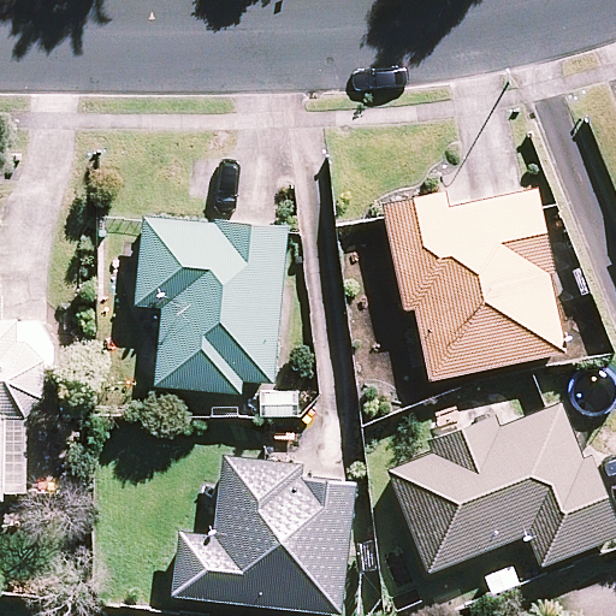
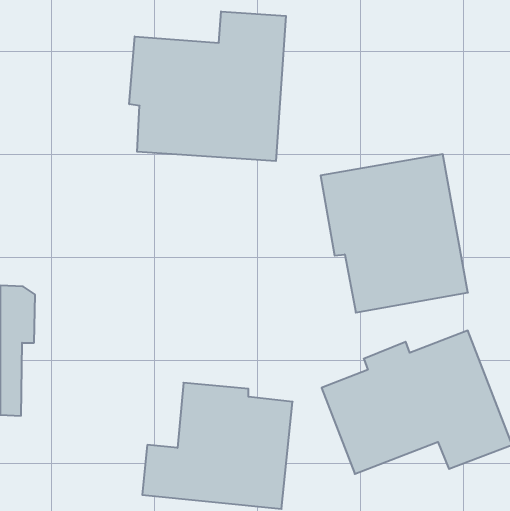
building: none -> [129,11,286,161]
building: [138,219,284,391] -> none

